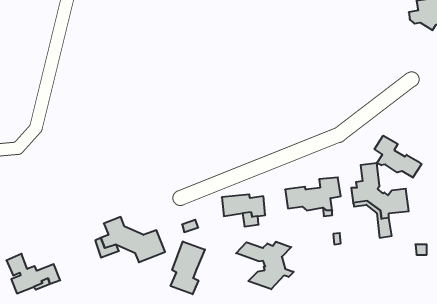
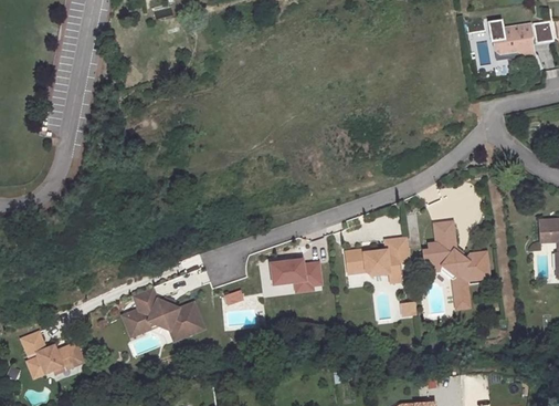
building: [375,136,422,178] -> none
building: [171,241,205,294] -> none
building: [236,242,294,289] -> none

